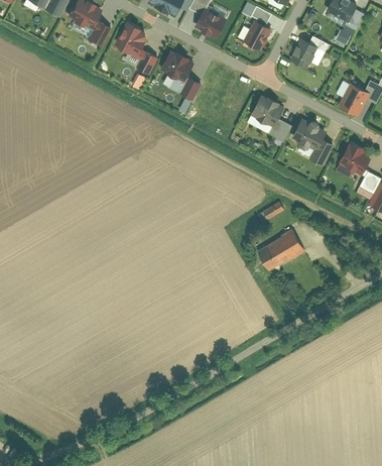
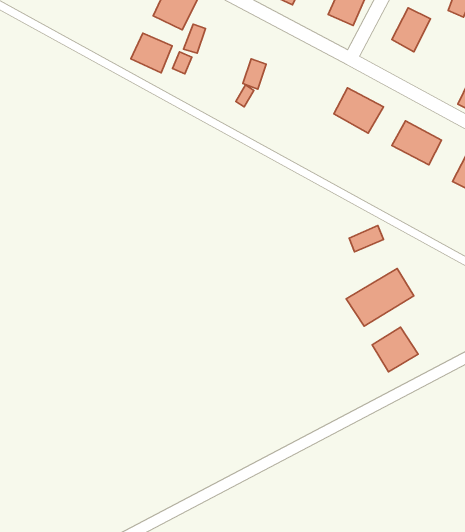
building: [161,49,196,80] -> none
building: none -> [131,33,172,73]
building: none -> [372,327,418,372]

